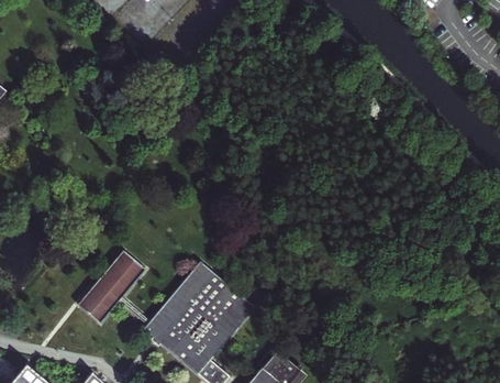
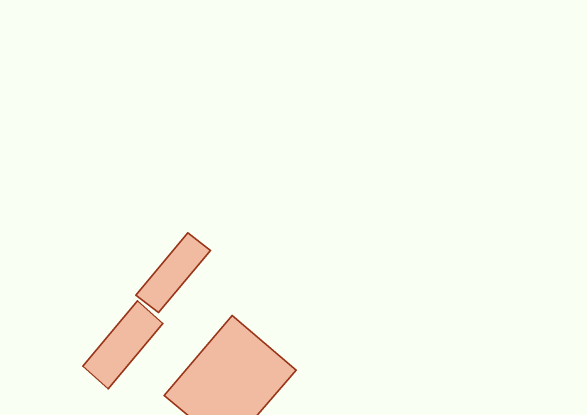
building: none -> [136,233,211,313]

